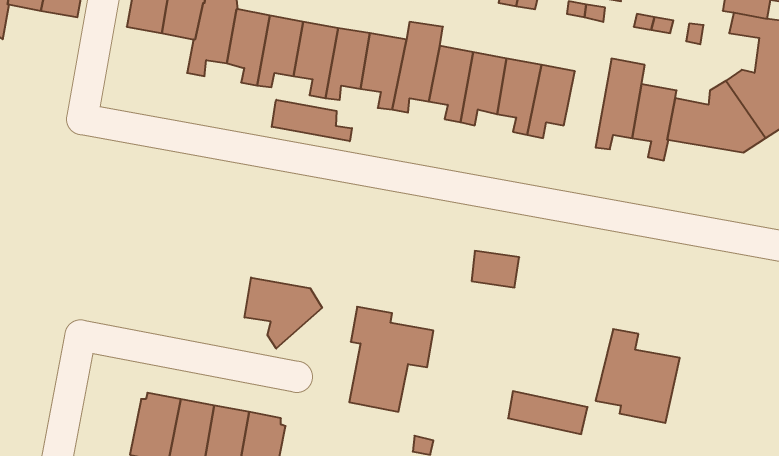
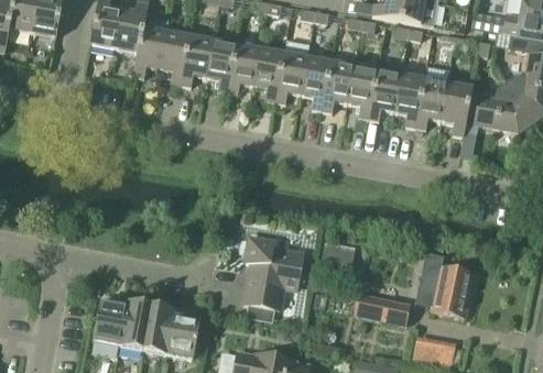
building: none -> [393,74,424,127]
building: [272,100,352,141] -> none
building: [472,251,519,287] -> [322,244,355,270]
building: [245,277,322,349] -> none

